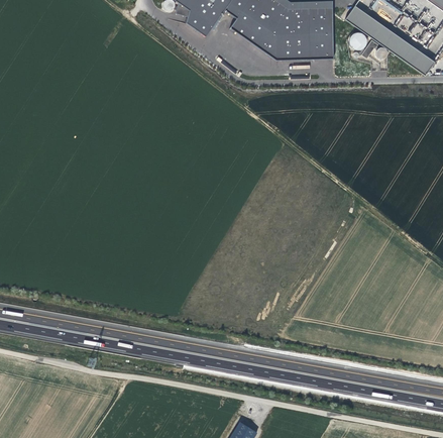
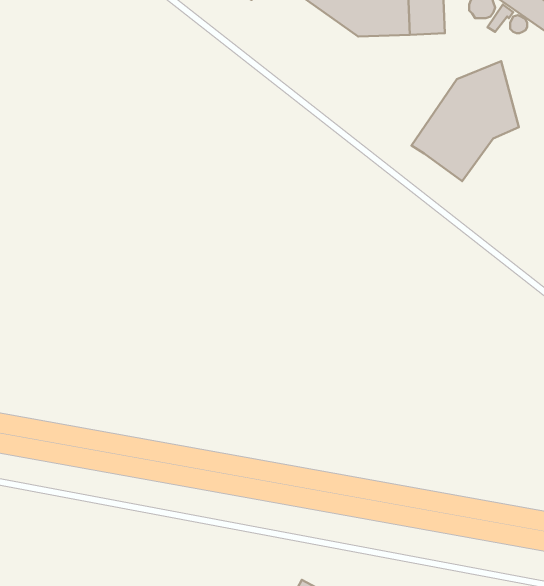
building: none -> [411,61,519,181]

